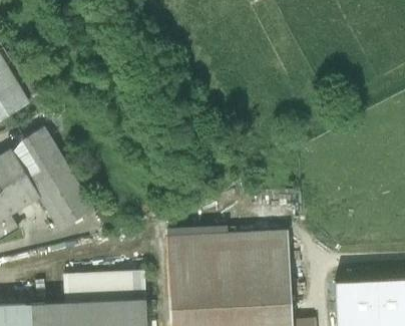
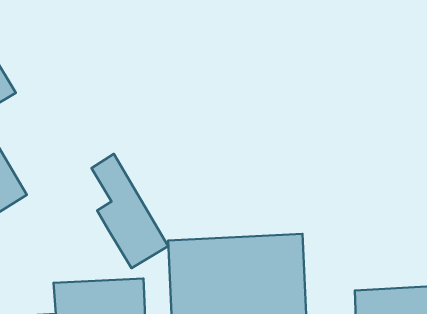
building: [24,126,93,230] -> [92,154,168,268]

